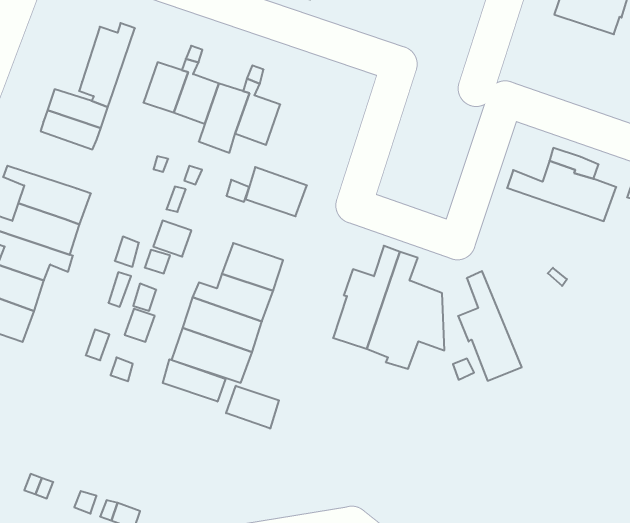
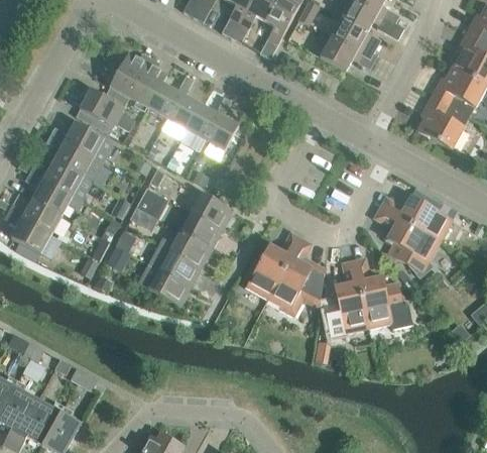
building: none -> [418,97,469,149]
building: none -> [129,58,167,108]
building: none -> [50,122,113,162]
building: [246,167,307,216] -> [192,192,234,229]
building: none -> [374,207,441,276]
building: none -> [354,257,413,329]
building: [163,359,226,402] -> none
building: [226,386,279,429] -> none

